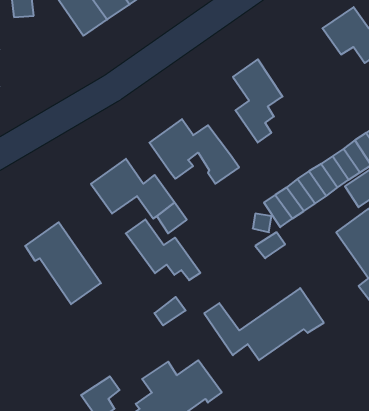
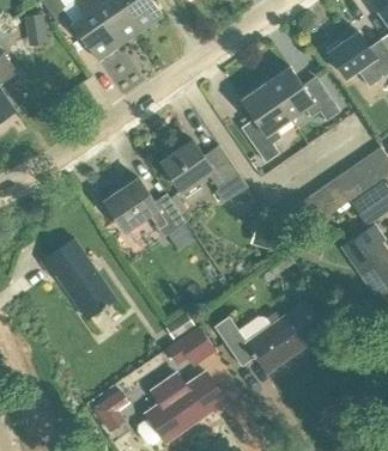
building: none -> [265,66,339,120]
building: [126,219,200,280] -> none
building: none -> [164,325,213,365]

